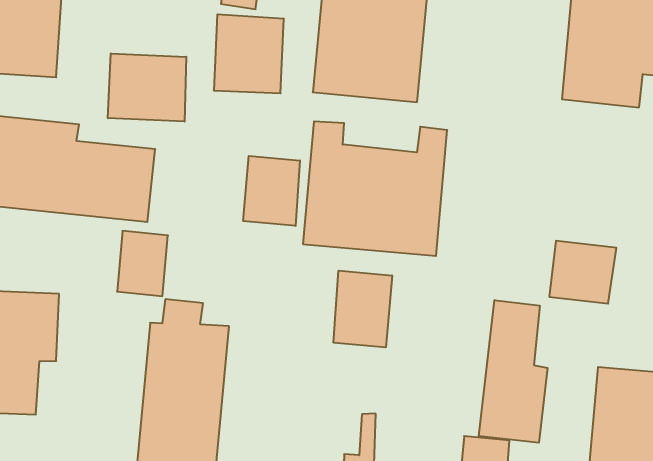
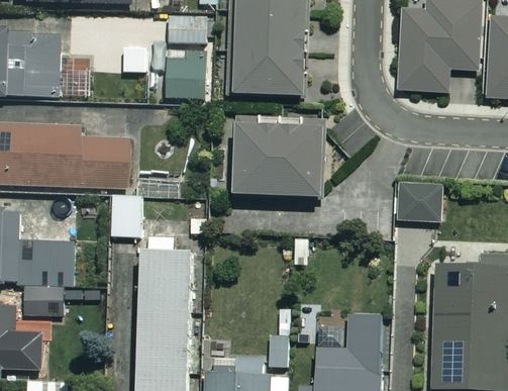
building: [108,53,186,122] -> none
building: [243,156,300,226] -> none
building: [334,271,392,347] -> none
building: [479,300,548,443] -> none

